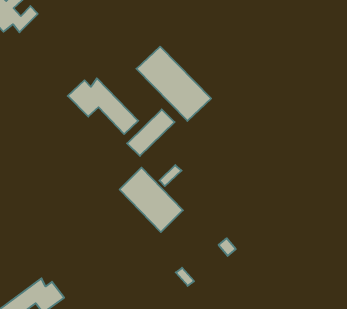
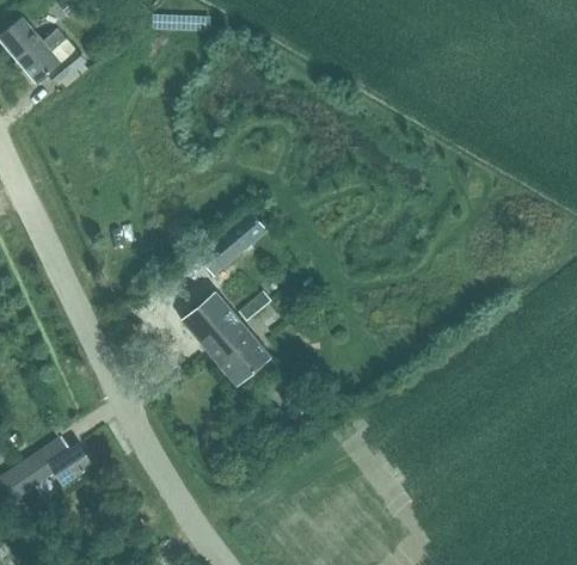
building: [136,47,211,121] -> none
building: [68,78,138,134] -> none

